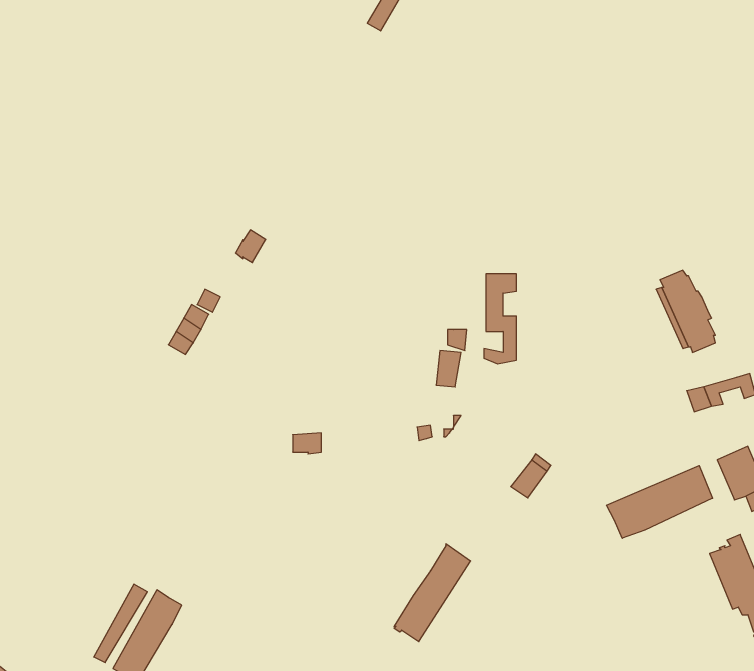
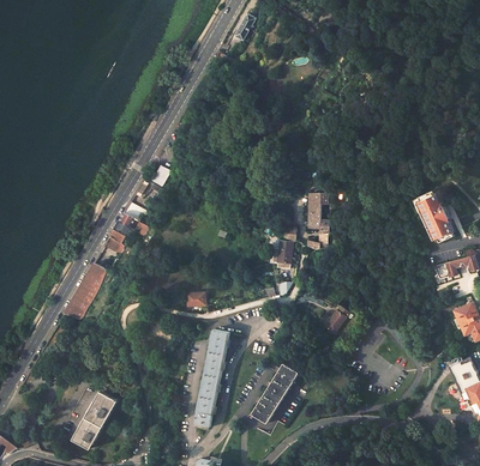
building: none -> [64,262,107,320]
building: [607,466,713,538] -> none
building: none -> [190,328,230,428]

